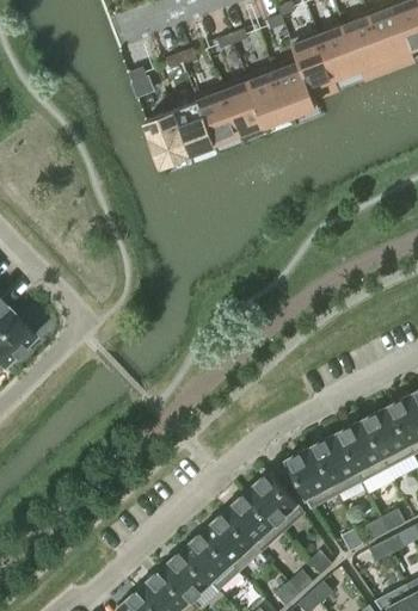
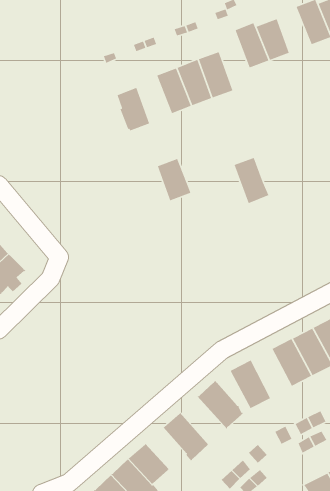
building: [344,12,386,69] -> none
building: [272,41,316,116] -> [234,143,269,204]
building: [171,97,214,156] -> [157,154,192,203]
building: [312,433,362,495] -> none
building: [225,493,282,553] -> none
building: [182,531,232,582] -> none

